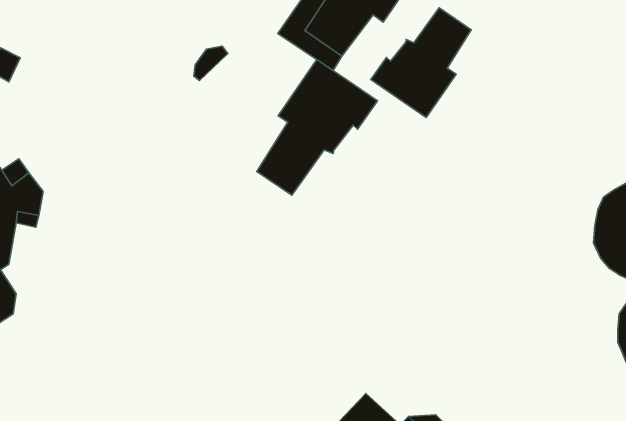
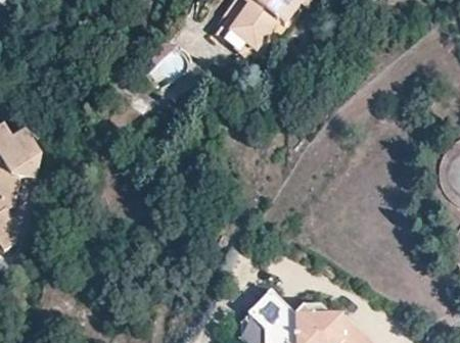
building: [371,8,471,117] -> none
building: [257,59,377,195] -> none

